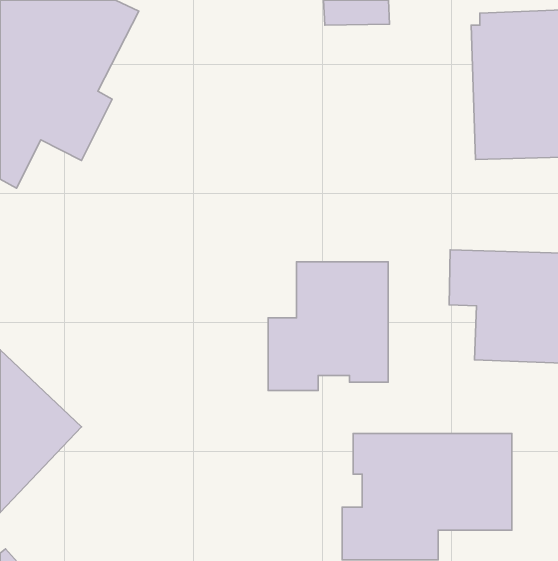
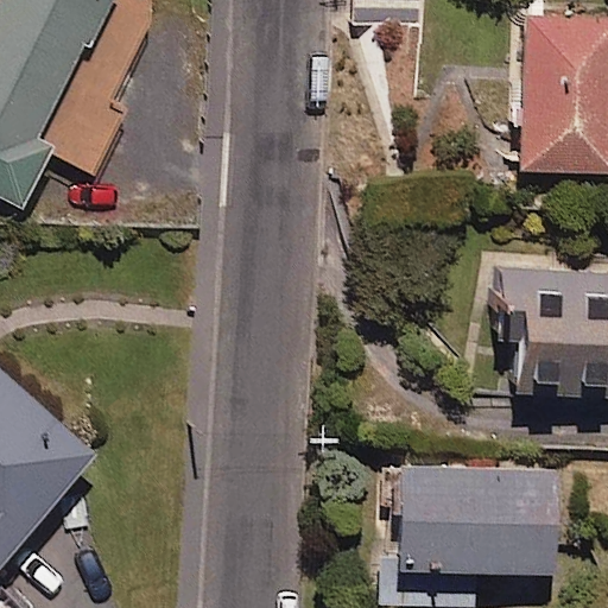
building: [268,262,388,390] -> none

